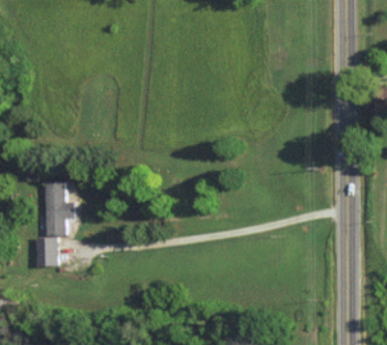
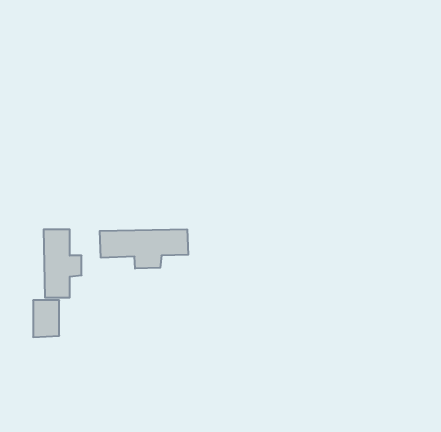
building: none -> [100,229,188,269]

